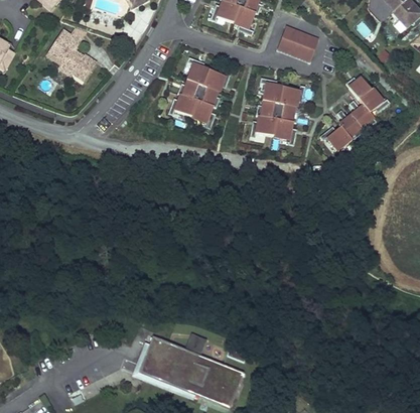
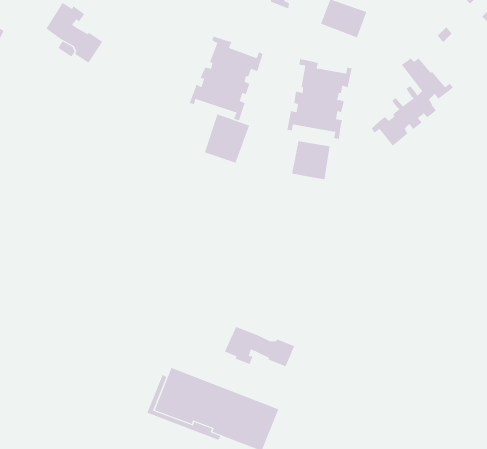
building: none -> [204,113,250,164]
building: none -> [292,140,330,180]
building: none -> [224,326,295,367]

